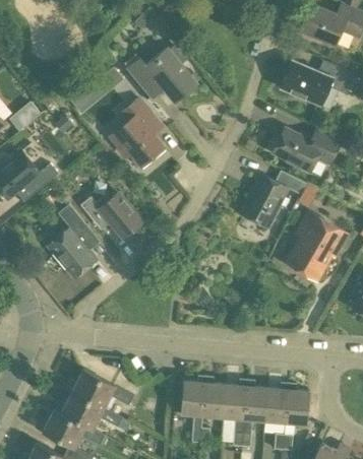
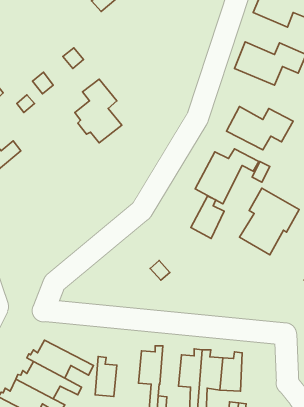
building: [127,43,198,101] -> none
building: [79,193,141,238] -> none
building: [48,204,95,277] -> none
building: none -> [191,196,224,238]
building: [202,376,225,417] -> [95,356,117,397]
building: [286,383,308,424] -> none

